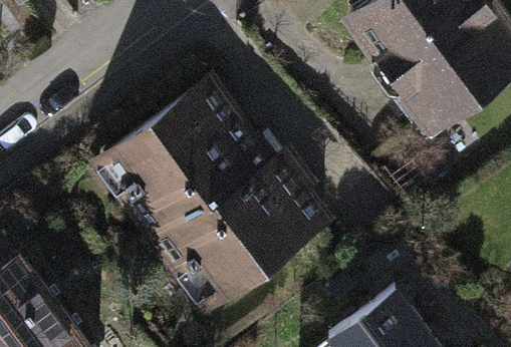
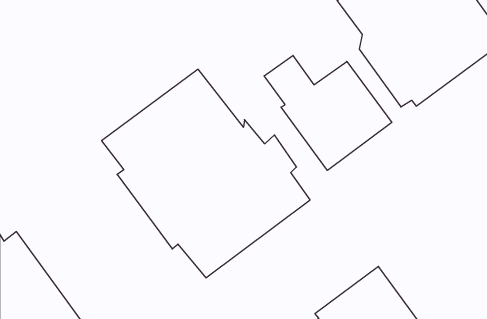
building: none -> [264,55,392,170]

